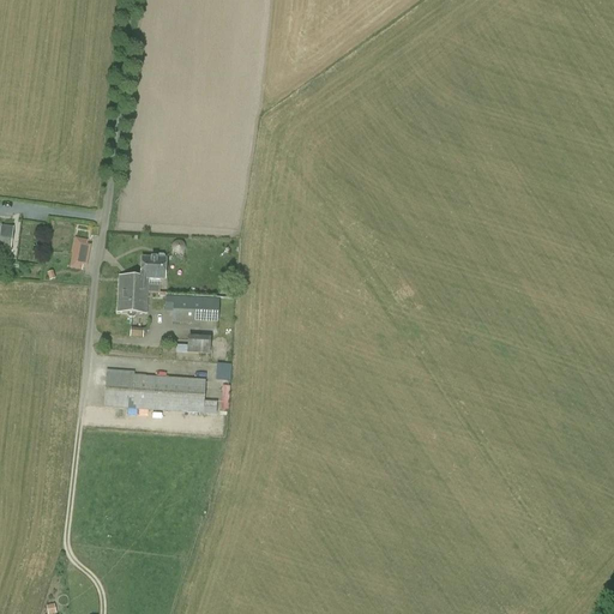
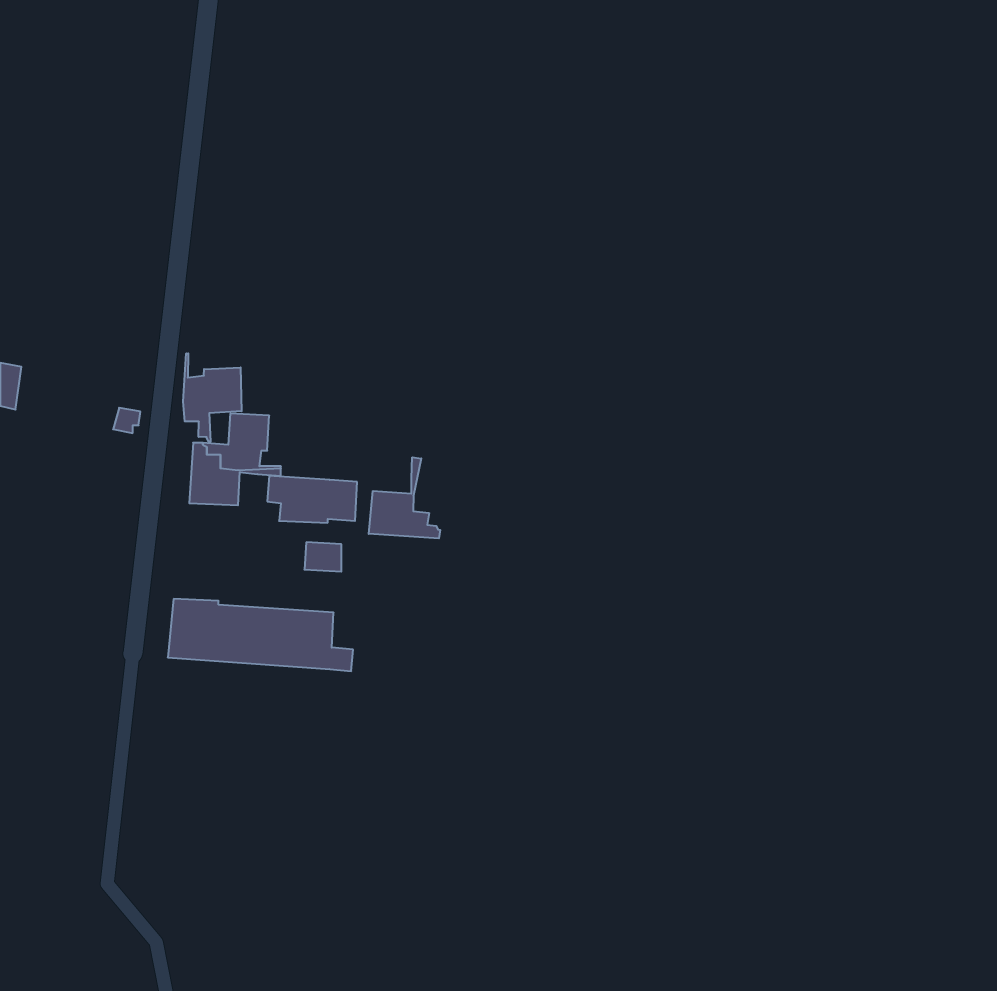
building: none -> [183,353,242,442]
building: none -> [369,457,440,538]

